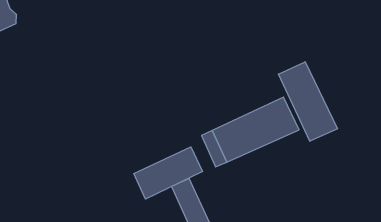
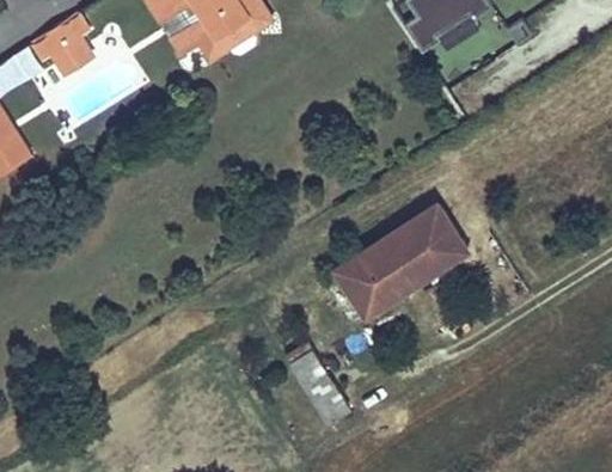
building: [278,62,337,141] -> none
building: [134,147,202,199] -> none

